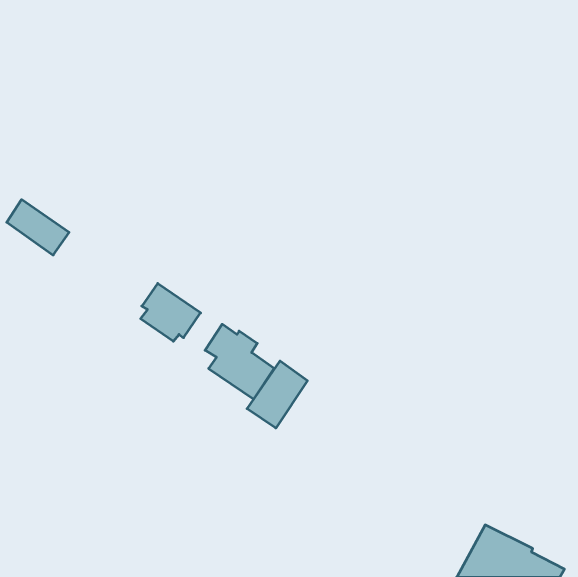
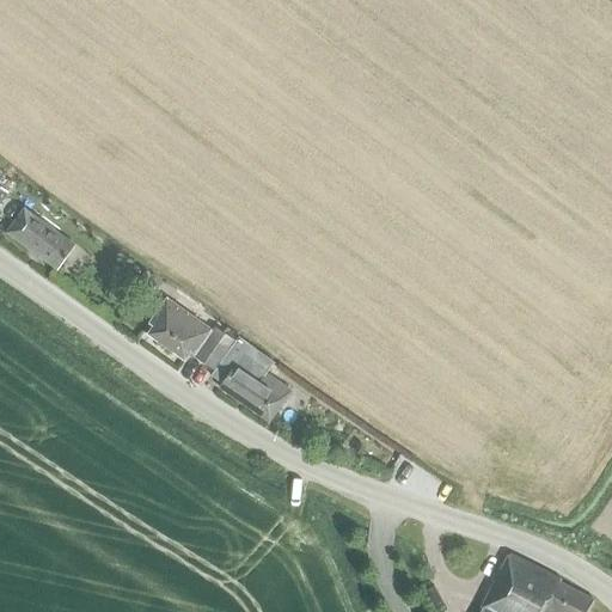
building: none -> [197,329,235,369]
building: [247,361,307,428] -> none

